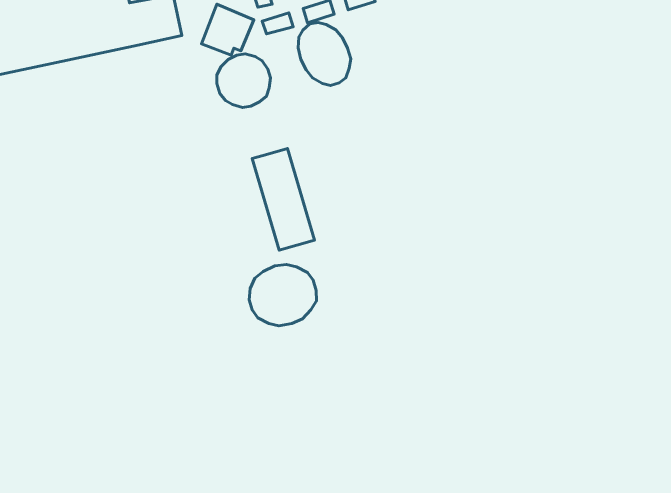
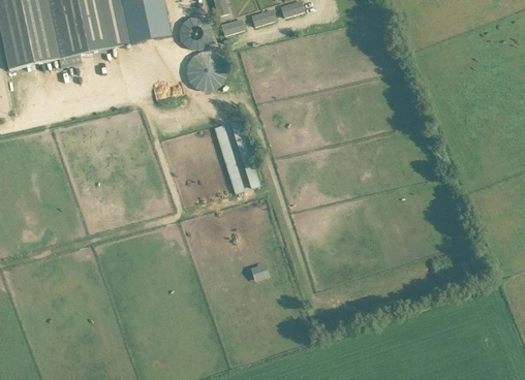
building: [298,22,351,85] -> none
building: [249,265,317,326] -> none

